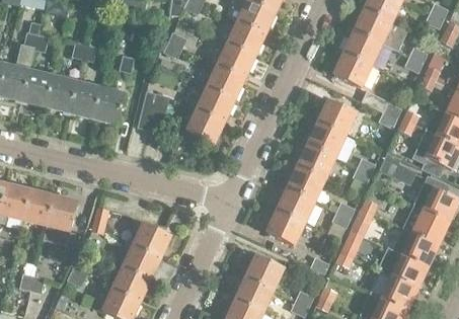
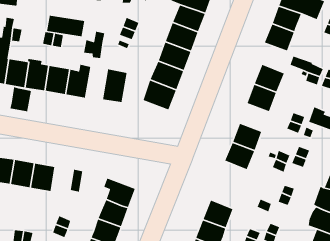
building: none -> [46,15,85,37]
building: none -> [10,86,32,112]
building: [297,144,333,178] -> none
building: [265,210,302,244] -> none

